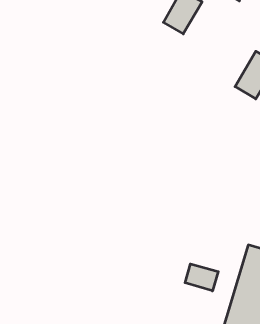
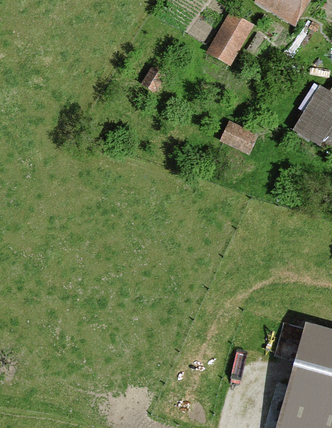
building: none -> [218,122,257,157]
building: [185,264,218,291] -> none

